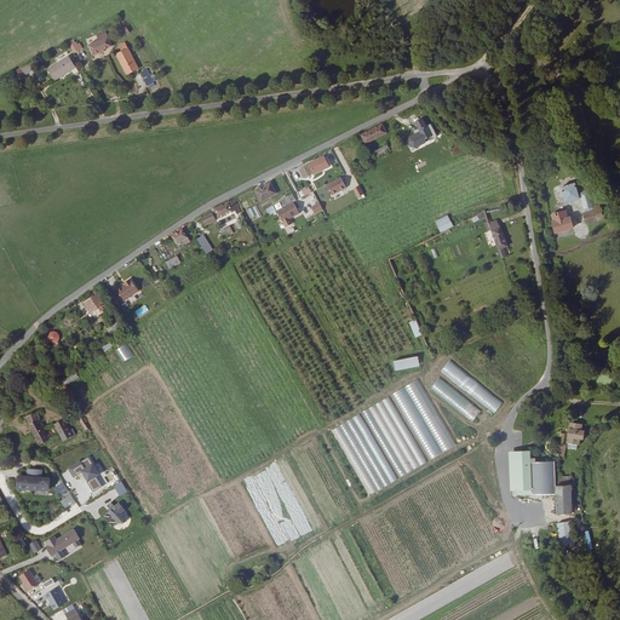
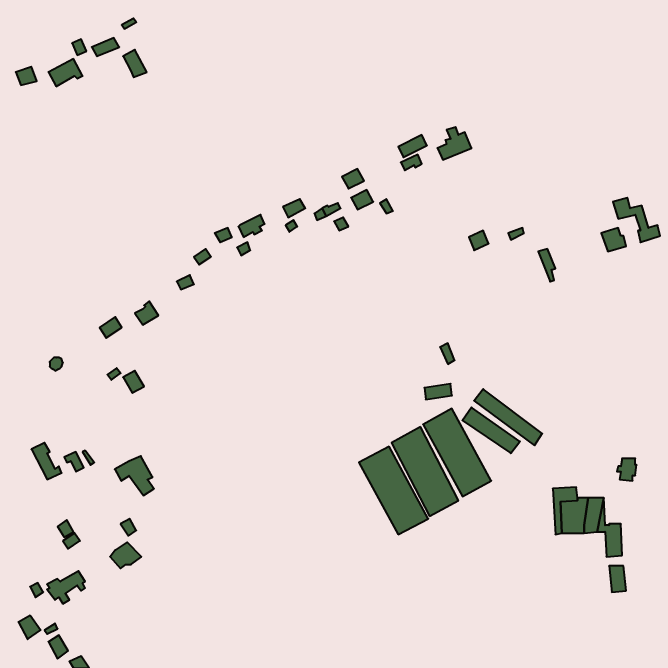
building: [65,454,102,490] -> [115,456,154,495]
building: [15,467,48,489] -> none

